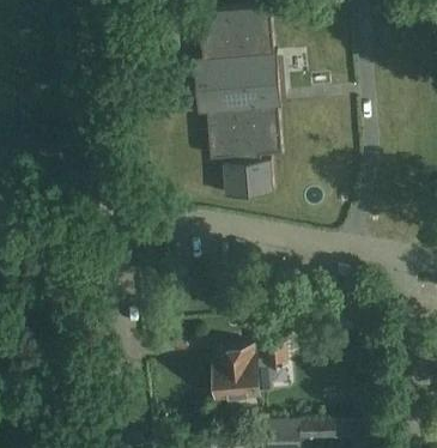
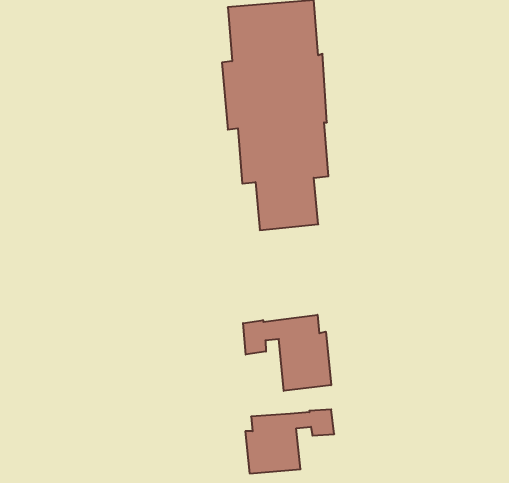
building: none -> [243,315,331,391]

